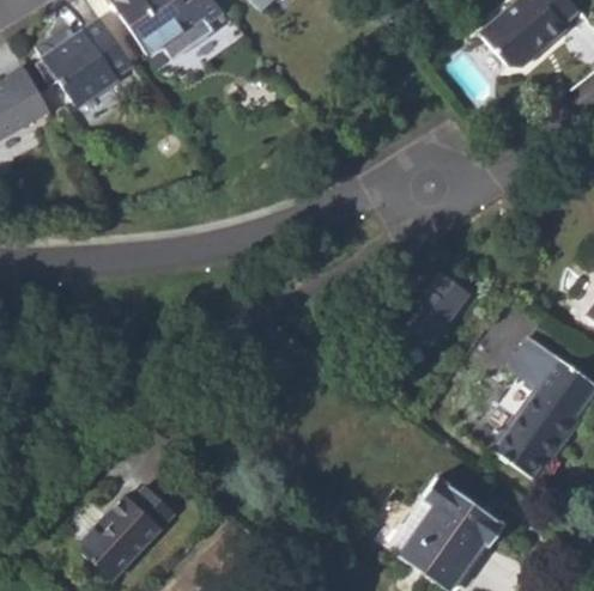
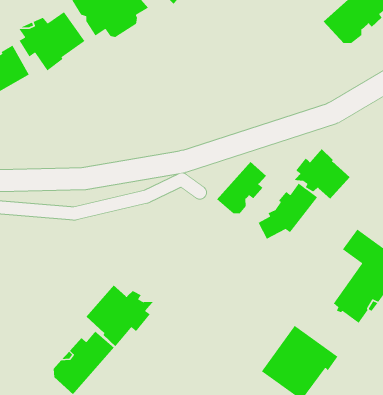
building: none -> [293,148,350,200]
building: none -> [216,161,267,214]
building: none -> [85,285,155,347]

